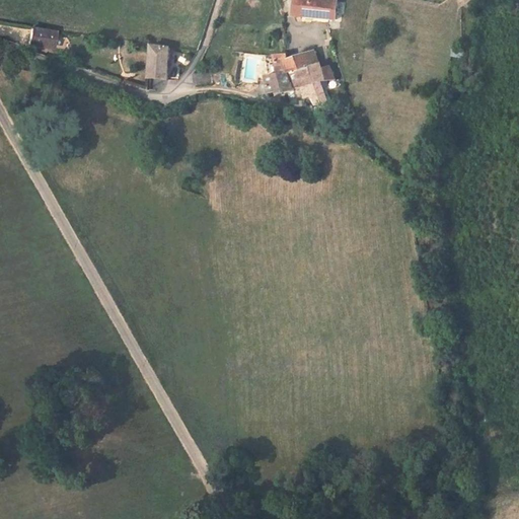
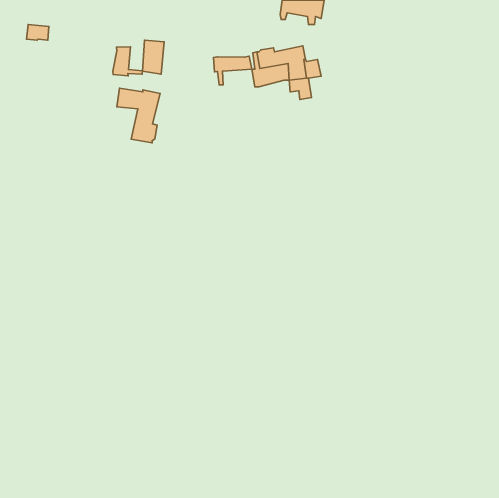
building: none -> [113,47,143,76]
building: none -> [214,56,252,85]
building: none -> [117,88,160,143]

